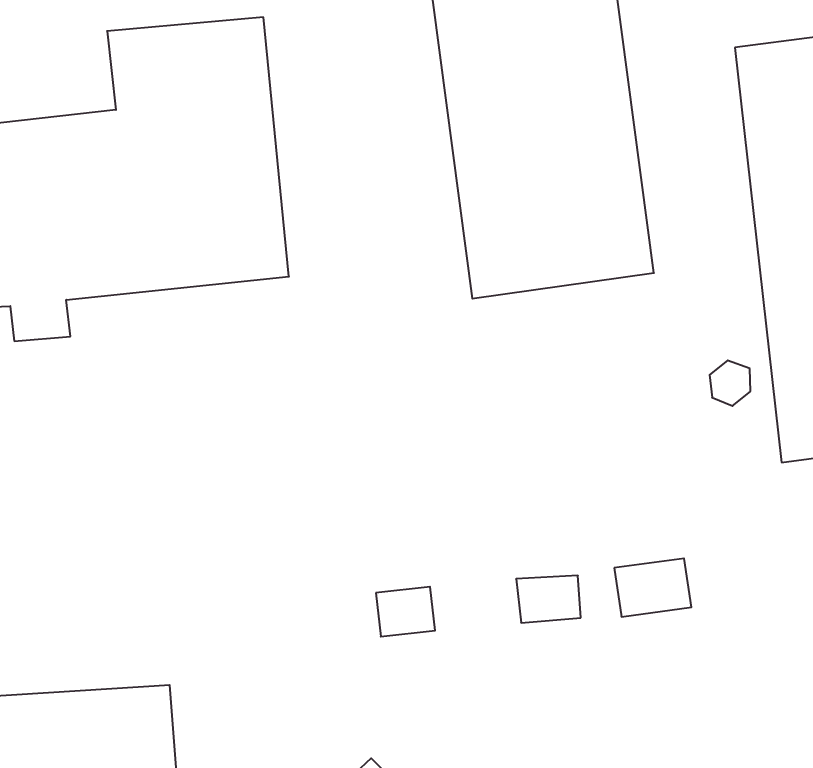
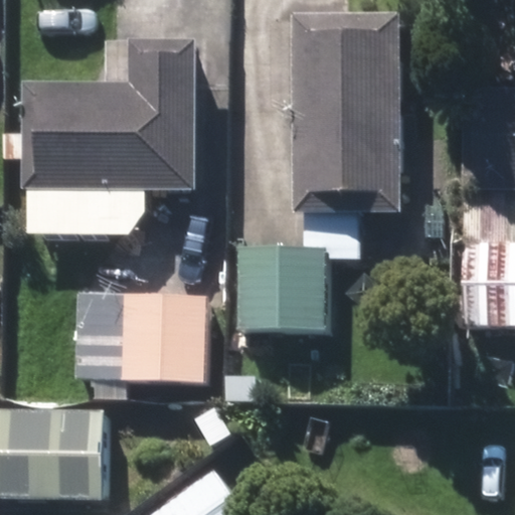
building: none -> [236,247,330,331]
building: none -> [77,297,205,382]

